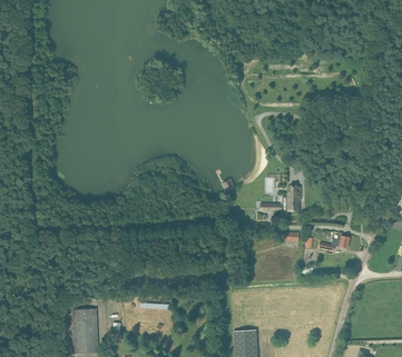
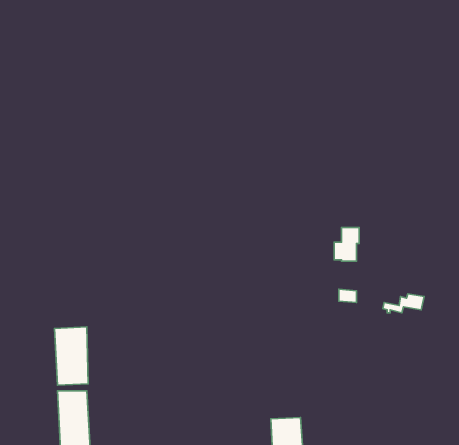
building: none -> [55,327,88,385]

